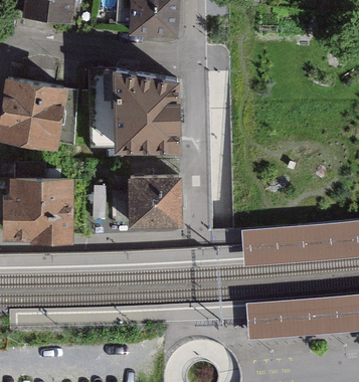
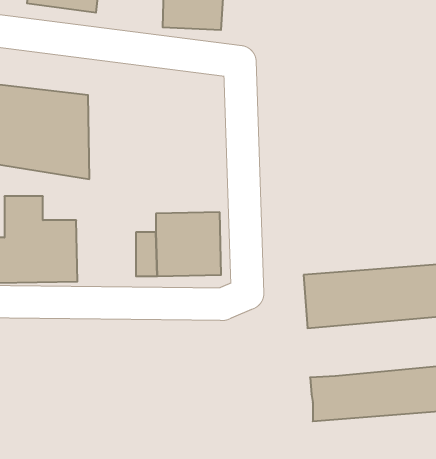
building: [88,72,178,152] -> none

